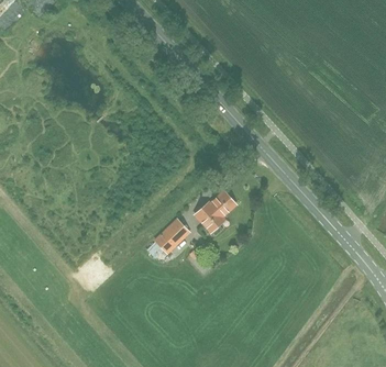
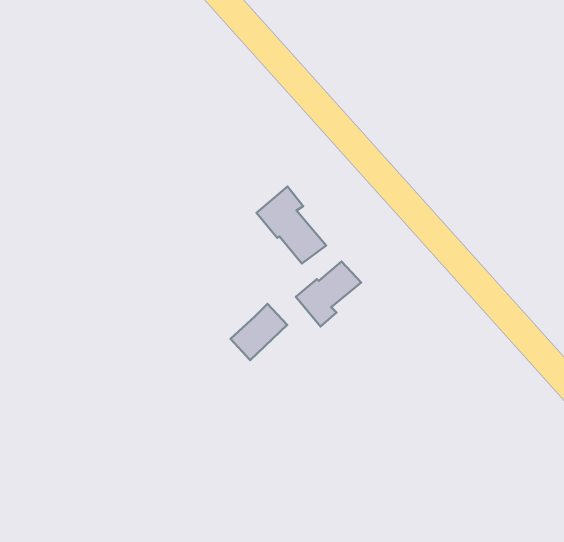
building: none -> [256,187,326,264]

